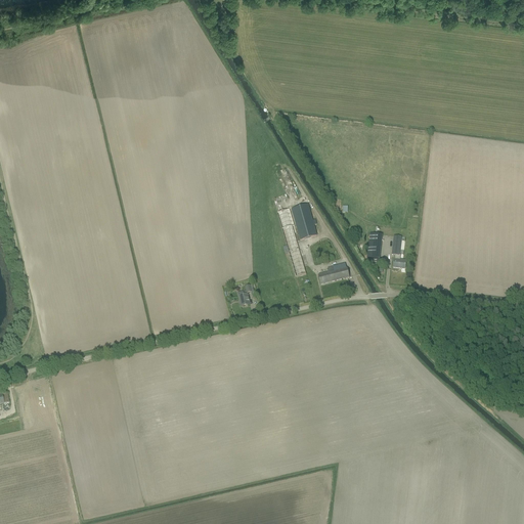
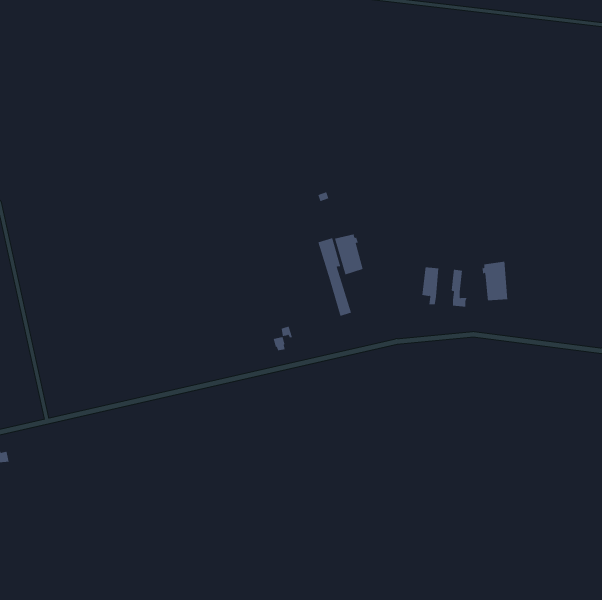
building: none -> [482,261,508,301]
building: [317,261,348,282] -> none

